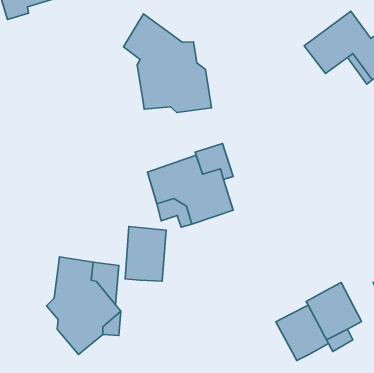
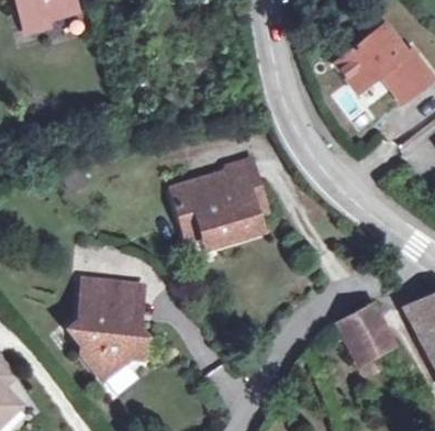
building: [123,14,211,113] -> none
building: [125,227,166,281] -> none
building: [276,305,328,361] -> none

